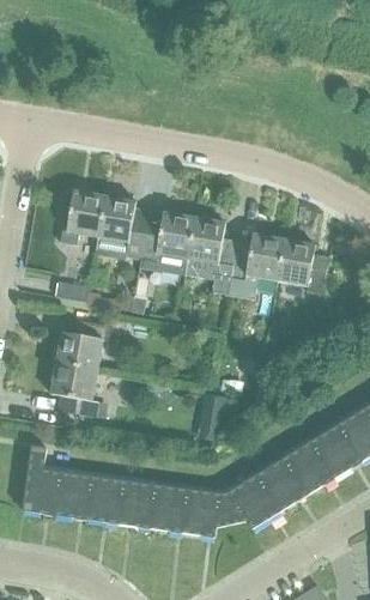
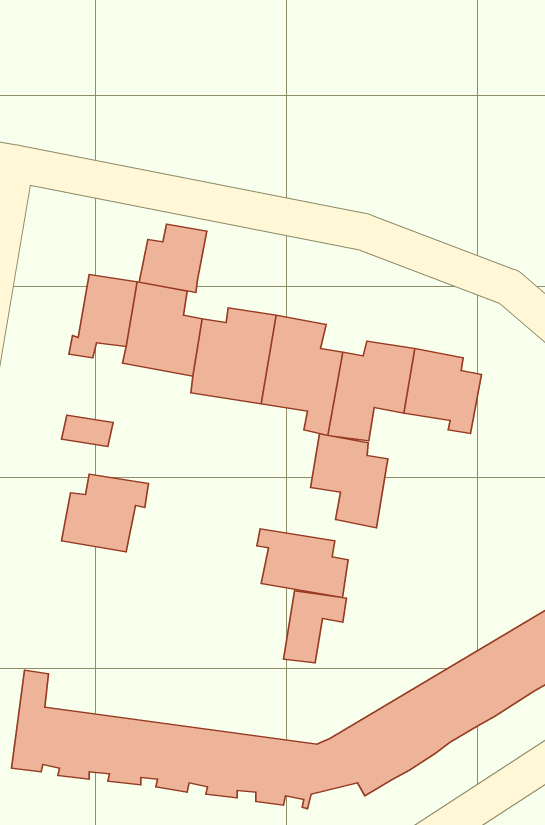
building: none -> [139,224,207,292]
building: none -> [310,434,388,528]
building: none -> [257,529,348,597]
building: [50,363,98,417] -> none

